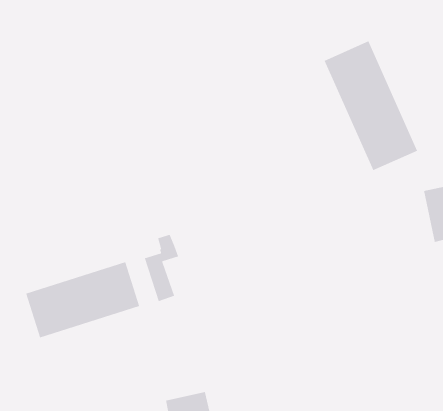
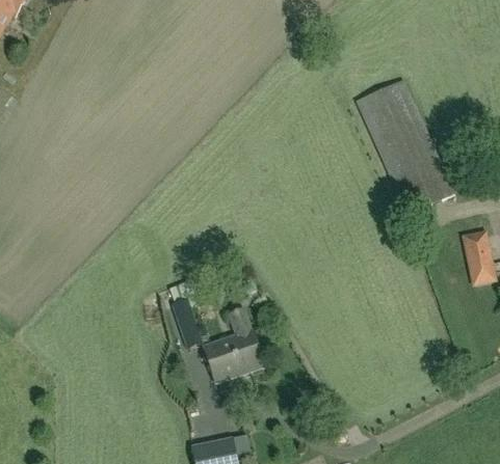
building: [25,261,140,339] -> none
building: none -> [203,306,264,381]

